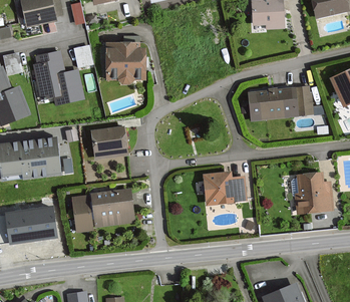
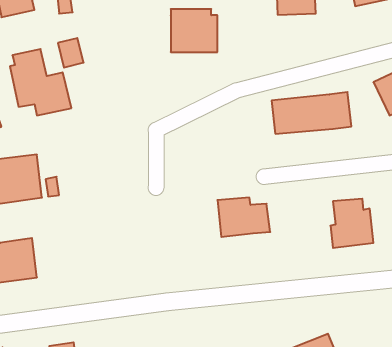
building: [106,43,144,78] -> [171,9,217,52]
building: [90,126,128,160] -> none
building: [72,190,132,232] -> none

